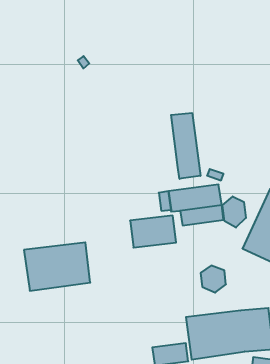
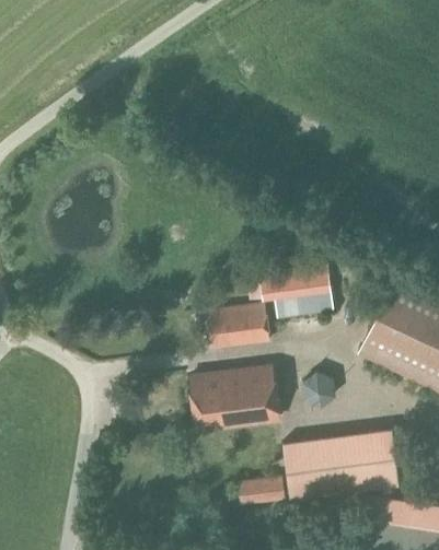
building: [171,113,200,179] -> none
building: [222,196,246,228] -> none
building: [24,242,90,291] -> [192,366,280,431]

